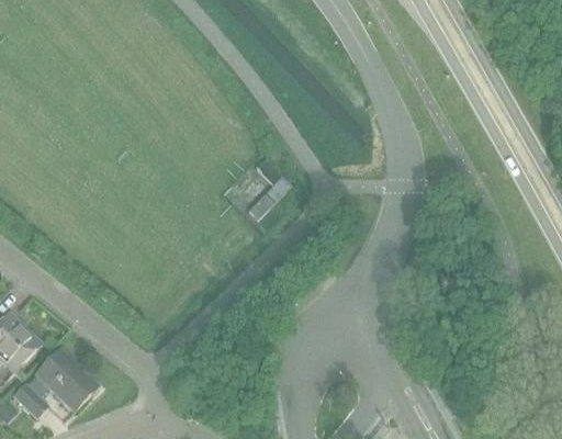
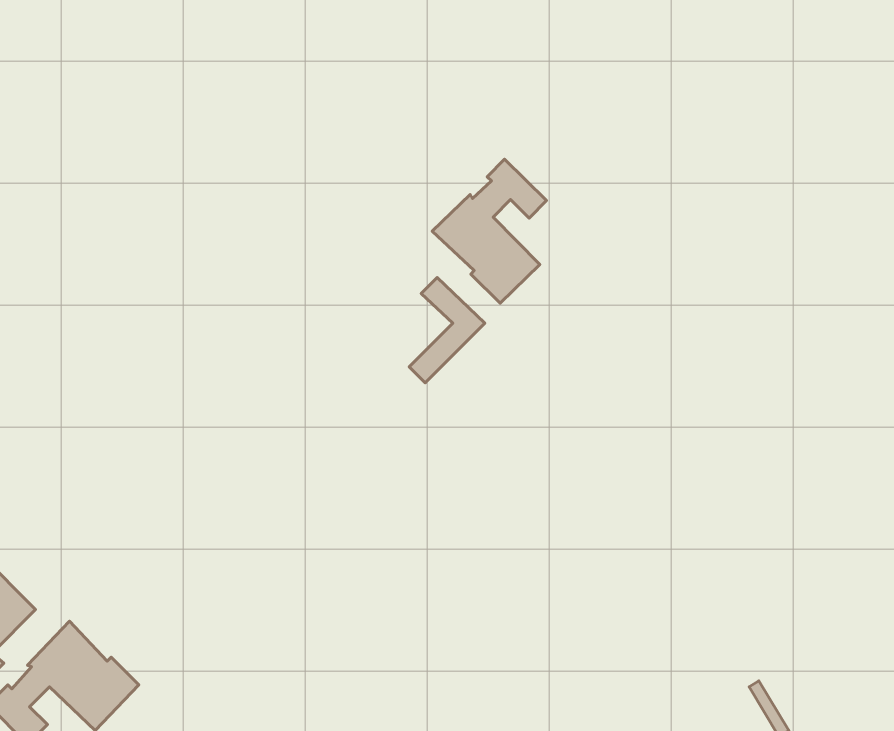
building: none -> [432,159,546,303]

